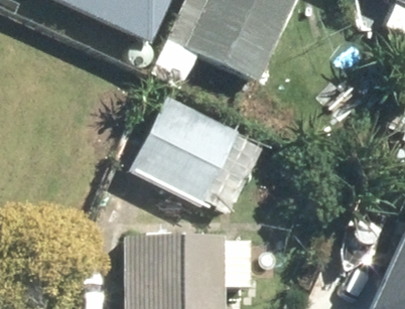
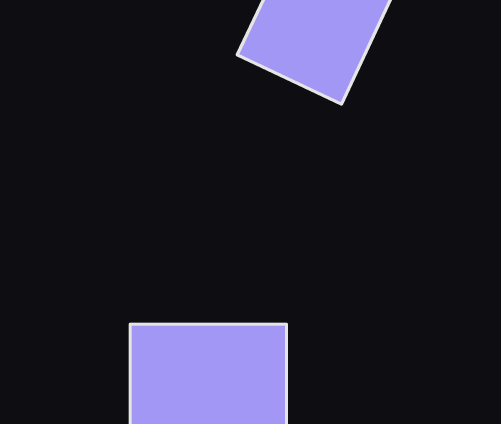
building: [129,96,237,203] -> none

